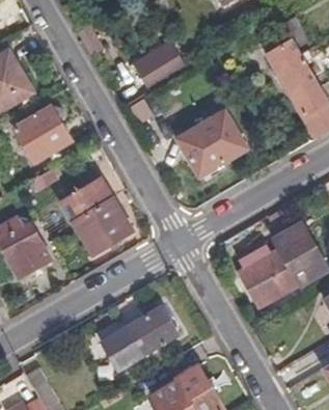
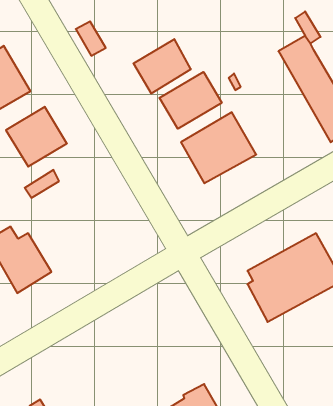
building: none -> [159,72,222,129]
building: [60,177,132,255] -> none
building: [100,305,176,370] -> none

